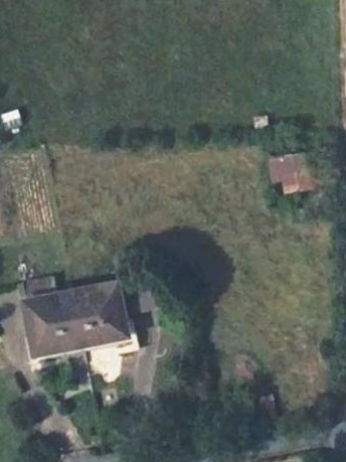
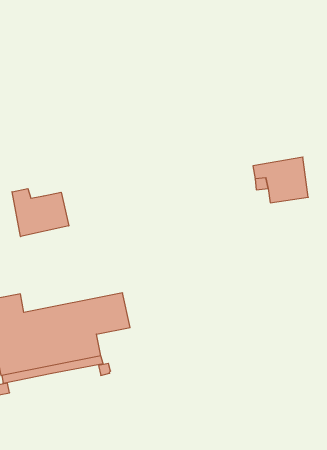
building: none -> [12,189,69,237]

